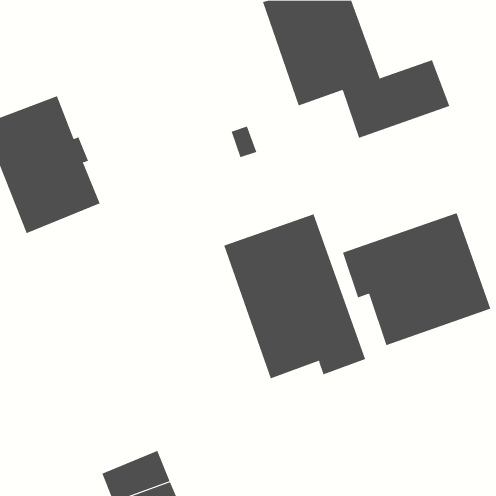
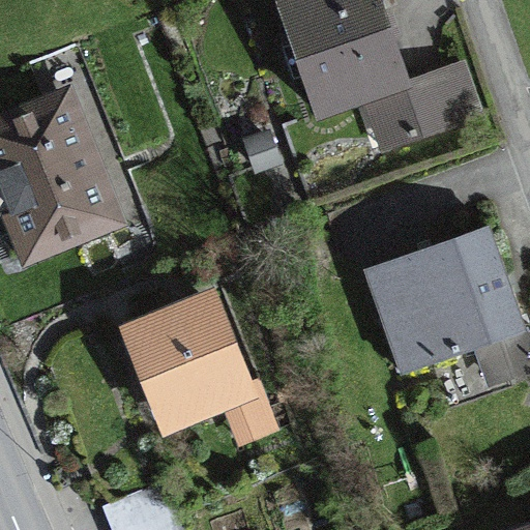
building: [223,213,366,379] -> none
building: none -> [132,303,241,420]

